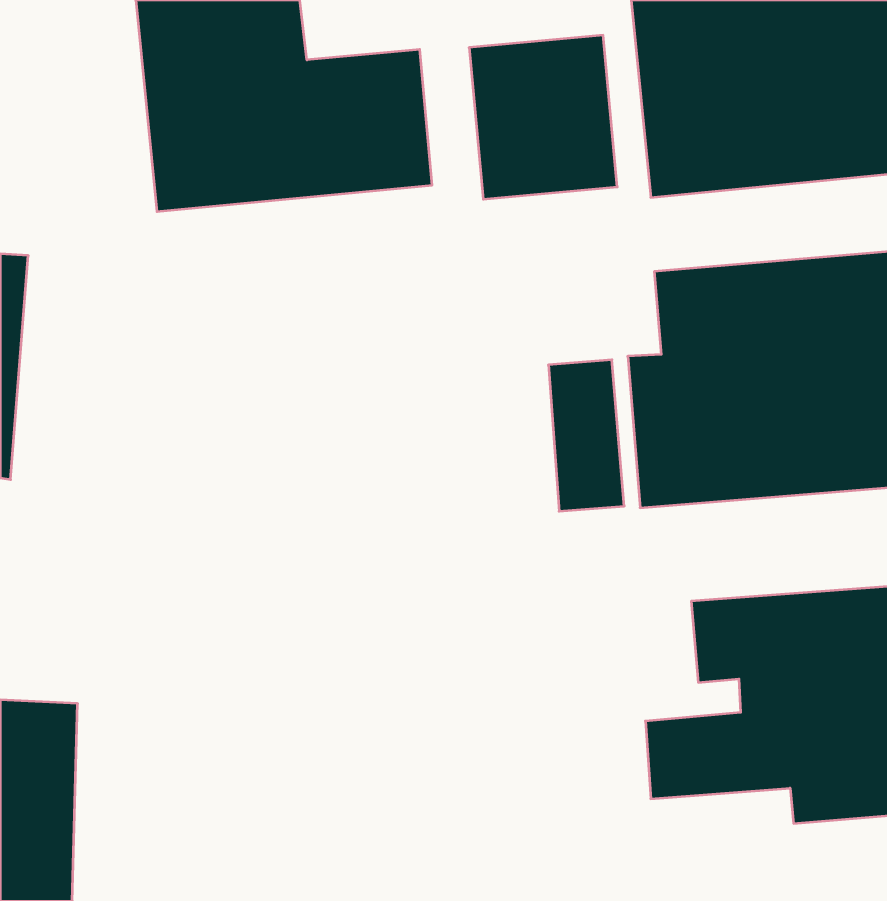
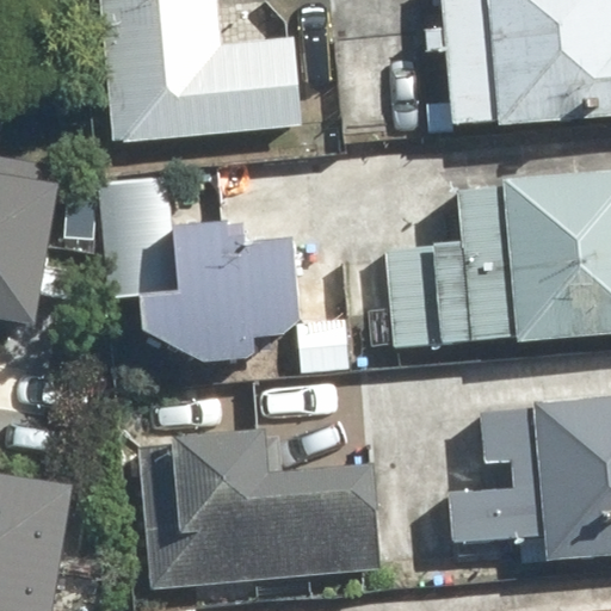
building: none -> [136,217,308,362]
building: none -> [137,436,379,584]

